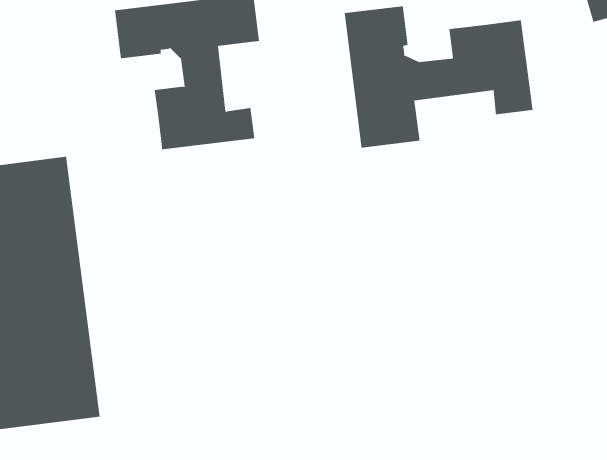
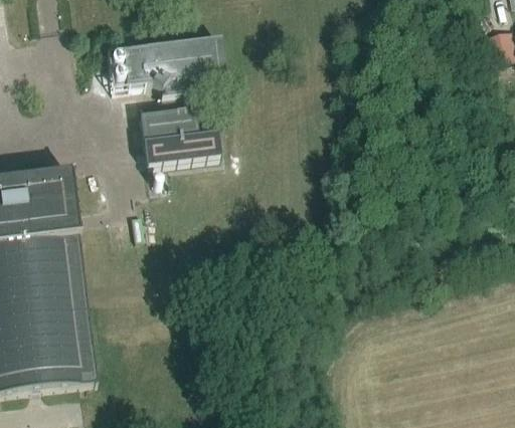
building: [344,5,533,148] -> none

